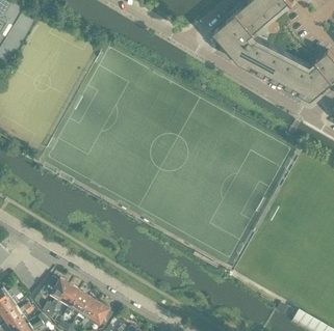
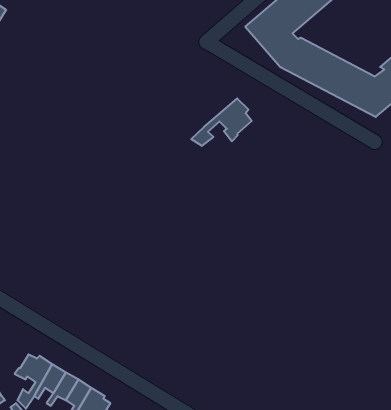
building: none -> [191,98,252,146]

